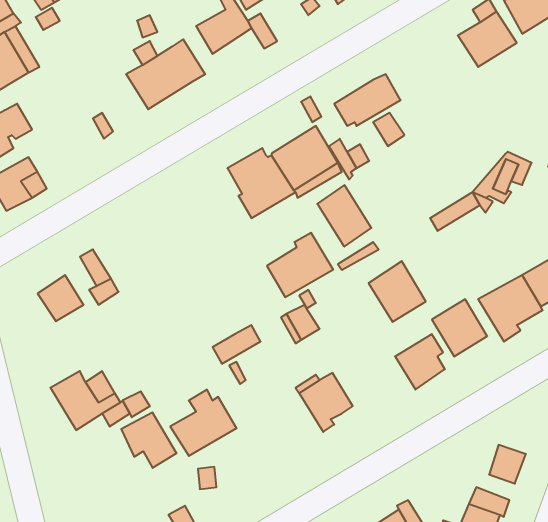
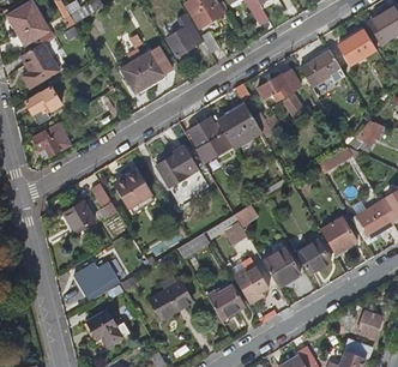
building: none -> [300,50,344,88]
building: [317,185,371,247] -> none
building: none -> [114,170,150,207]
building: [267,233,333,297] -> [155,145,198,187]
building: [369,261,426,322] -> [263,247,300,287]
building: none -> [209,284,242,319]
building: [121,413,177,468] -> [86,309,122,345]

